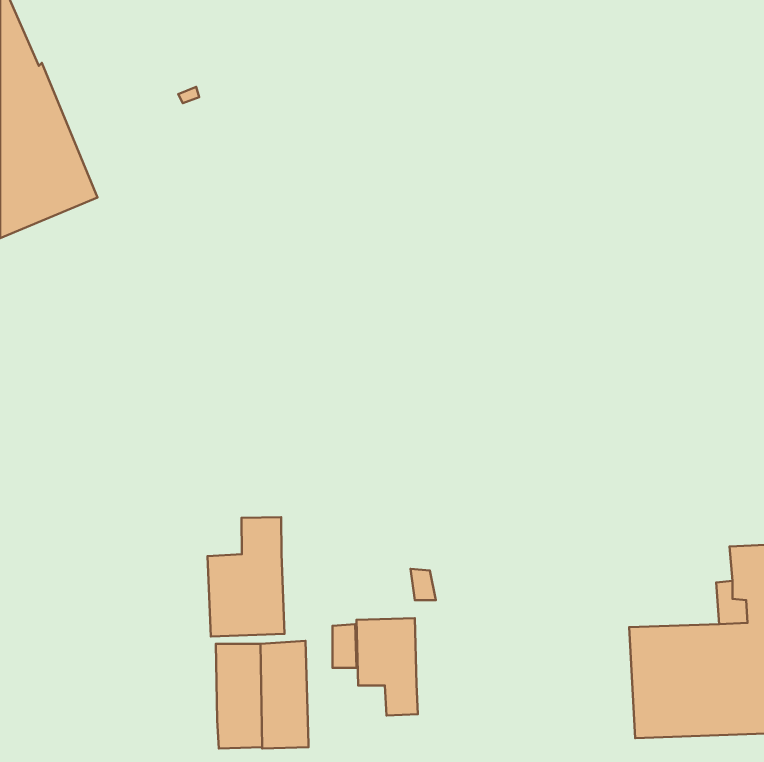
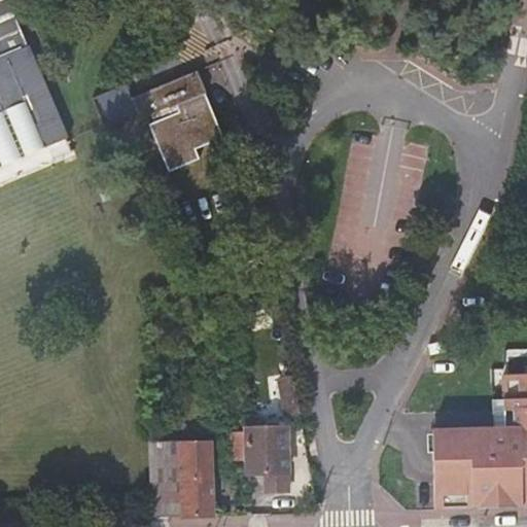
building: none -> [93,69,223,169]
building: [208,517,285,636] -> none

